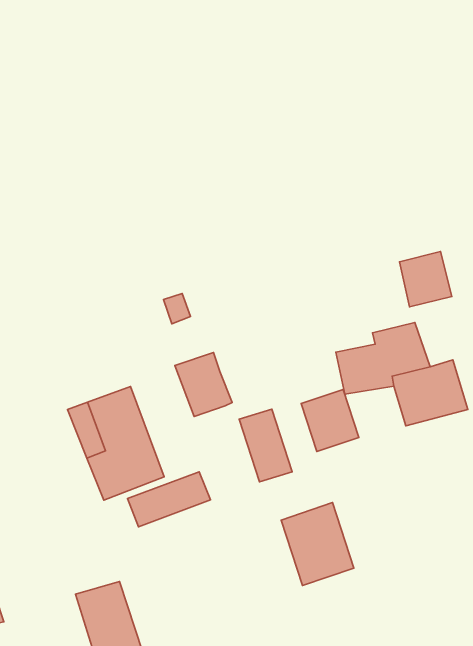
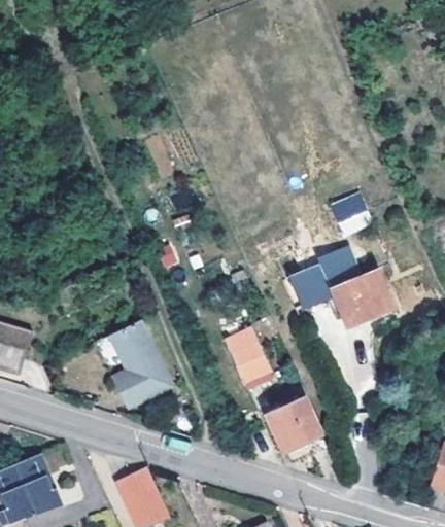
building: [175,353,232,416] -> none
building: [301,389,359,452] -> none
building: [127,472,210,527] -> none

